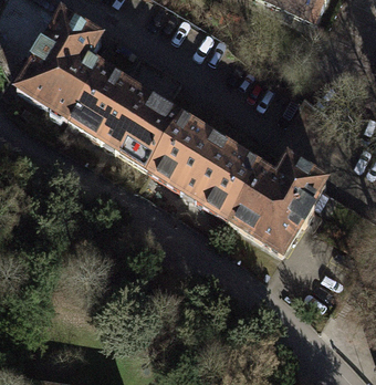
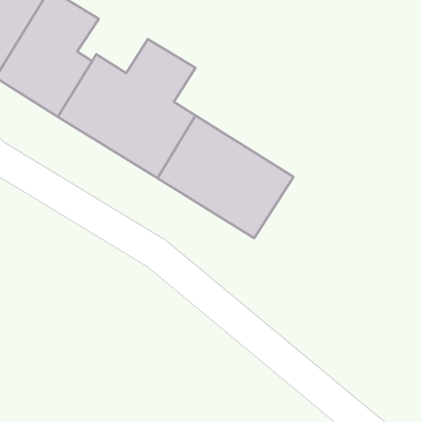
building: [229,158,330,253] -> none

